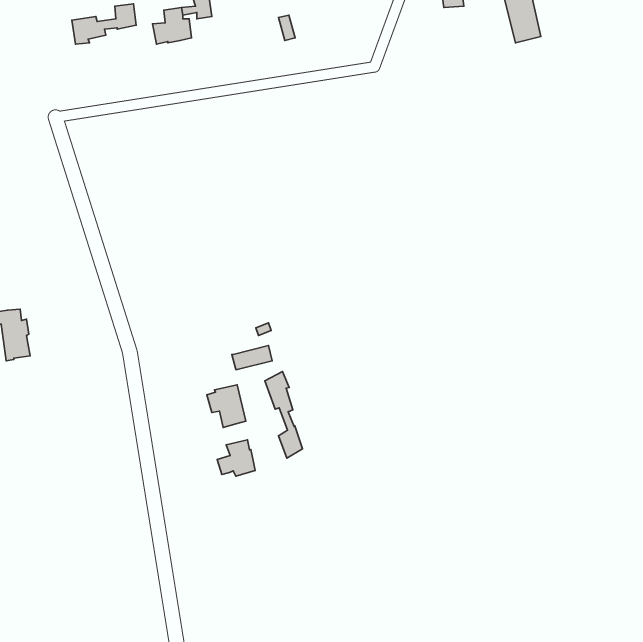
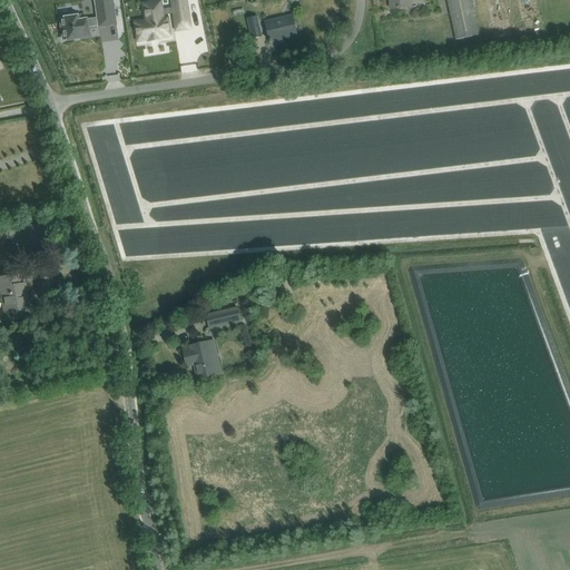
building: none -> [265,13,296,41]
building: [265,371,303,458] -> none
building: [217,440,255,476] -> none

